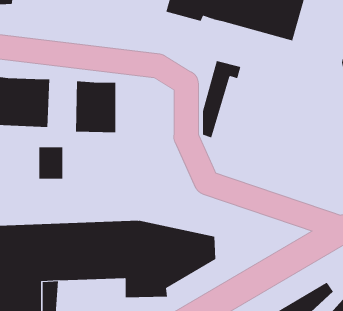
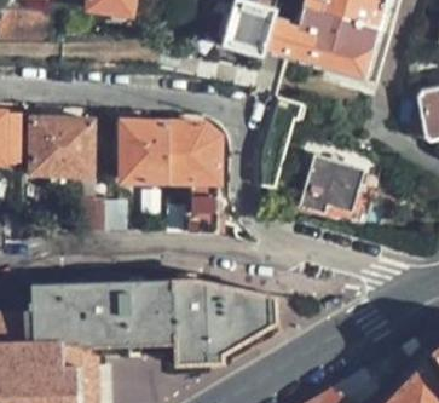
building: none -> [166,125,224,235]
building: none -> [298,152,365,217]

